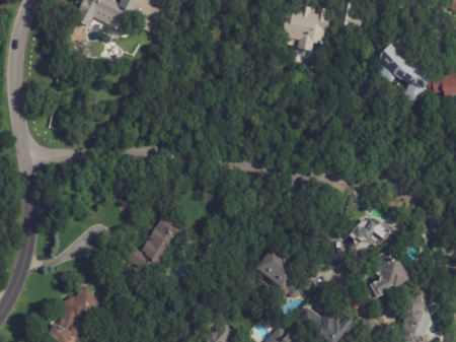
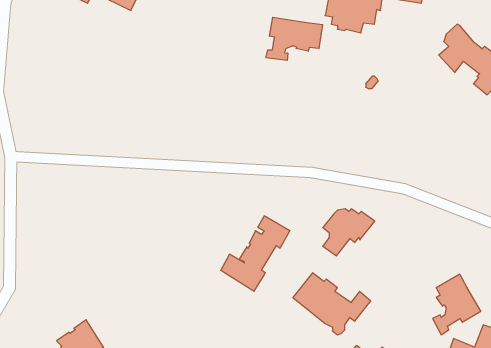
building: none -> [266,17,323,60]
building: [127,214,183,276] -> [221,216,290,291]
building: [350,219,392,258] -> [323,209,375,256]

